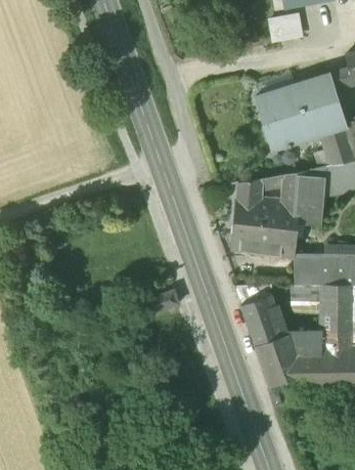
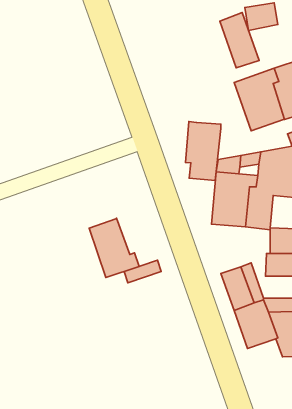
building: none -> [220,12,259,68]
building: none -> [186,122,221,181]
building: none -> [89,218,139,278]

